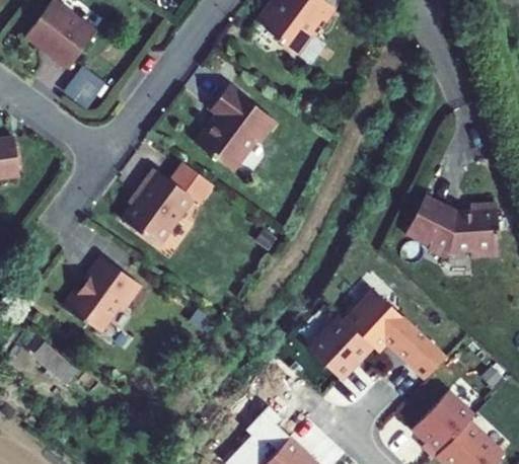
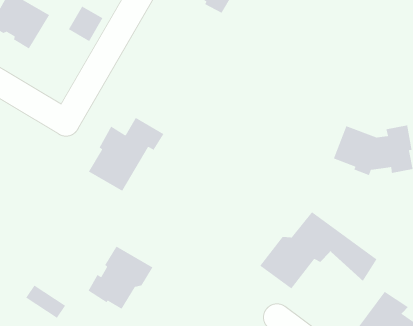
building: [64,65,106,108] -> [68,5,103,42]
building: [196,84,276,170] -> none
building: [62,256,141,331] -> [88,246,153,310]

